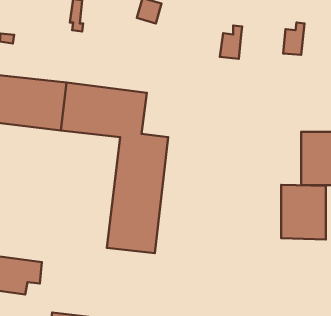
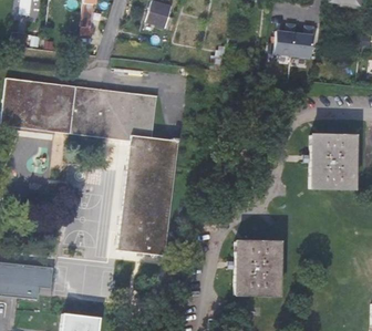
building: [220,25,242,59] -> [273,23,296,56]
building: [281,185,326,239] -> [235,240,279,294]

